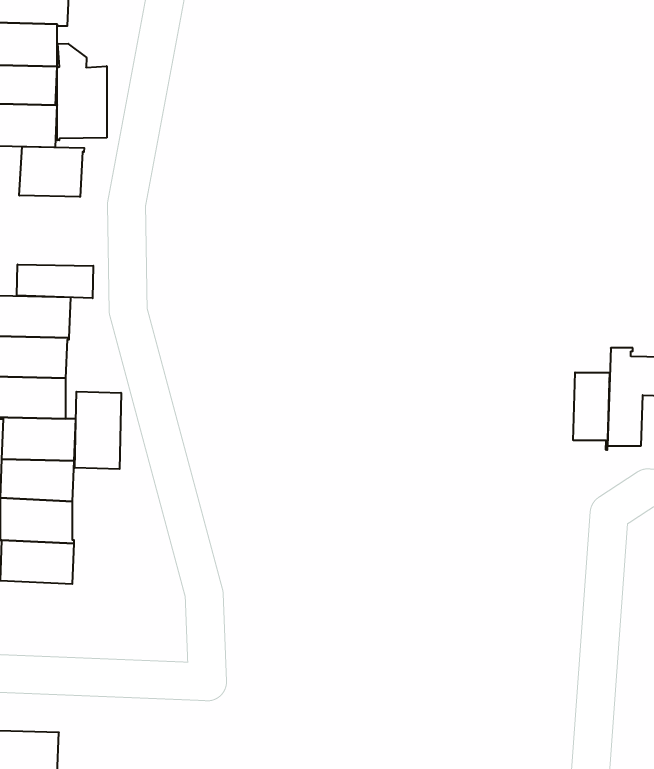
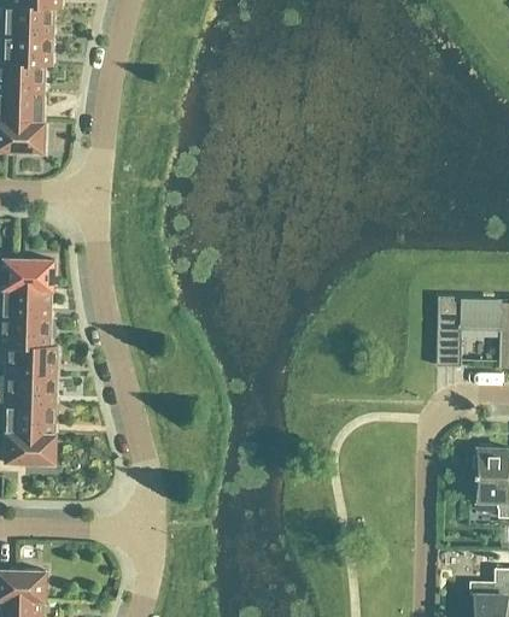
building: [57,44,107,140] -> none
building: [19,147,84,197] -> none
building: [17,264,93,298] -> none
building: [573,372,609,450] -> none
building: [75,392,121,469] -> none

